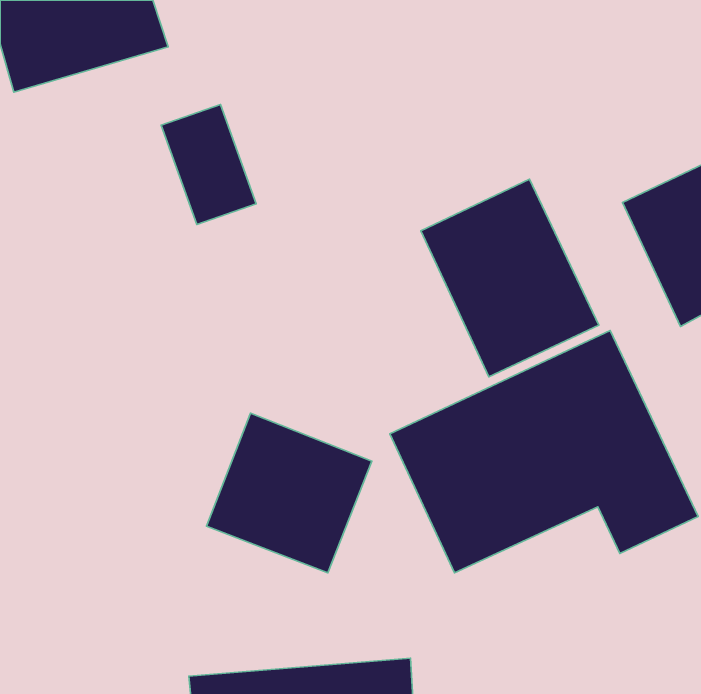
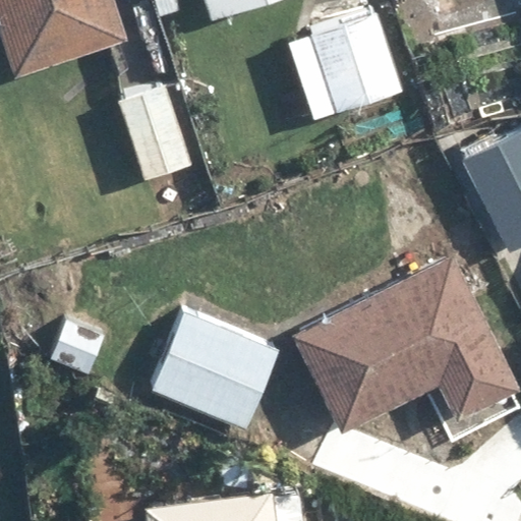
building: none -> [289,15,401,120]
building: [421,179,599,377] -> none

